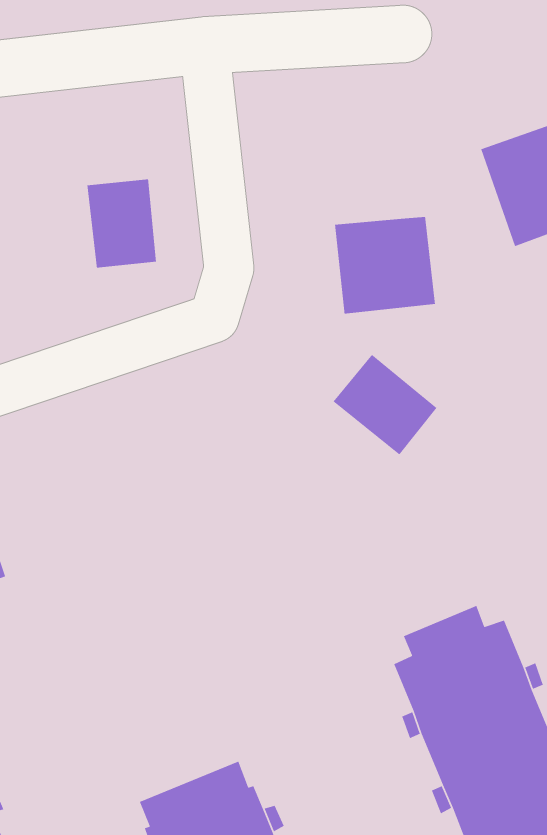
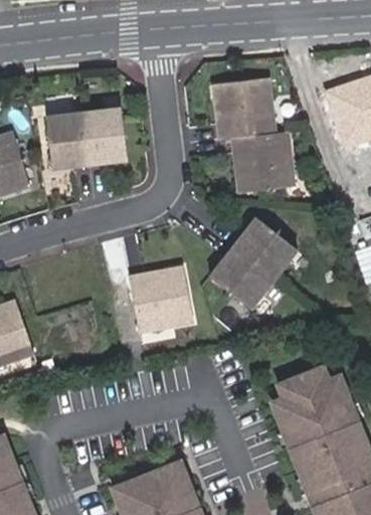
building: none -> [216,78,277,139]
building: none -> [45,114,88,170]
building: none -> [210,246,274,308]
building: none -> [128,265,192,331]

